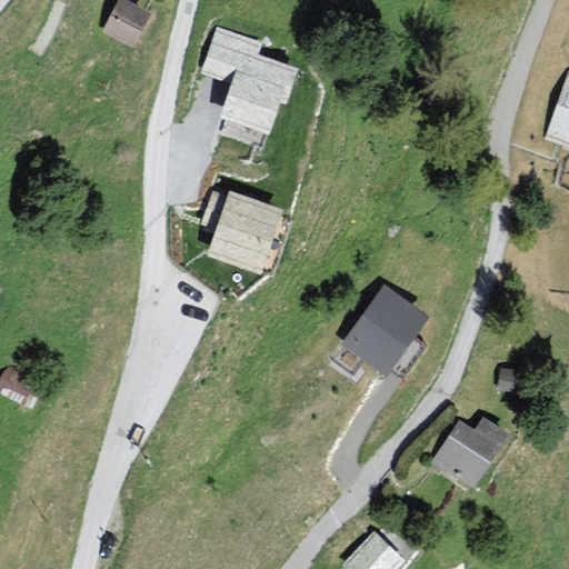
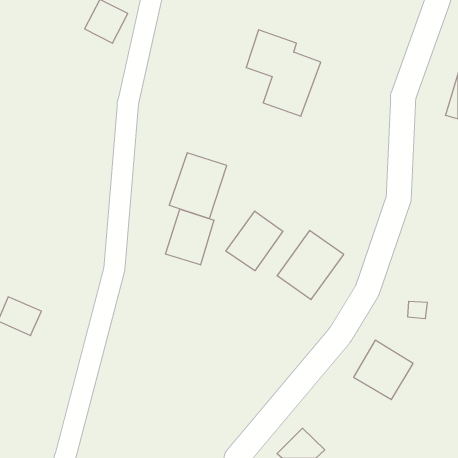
building: [198,24,290,131] -> [246,30,321,116]
building: none -> [165,209,214,265]
building: none -> [226,211,283,271]

